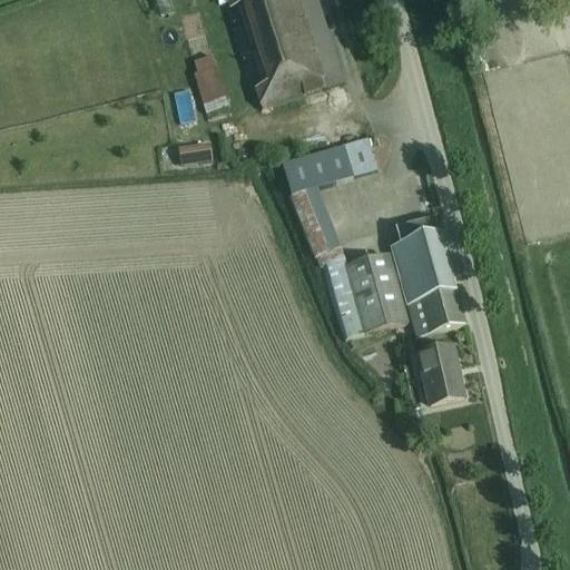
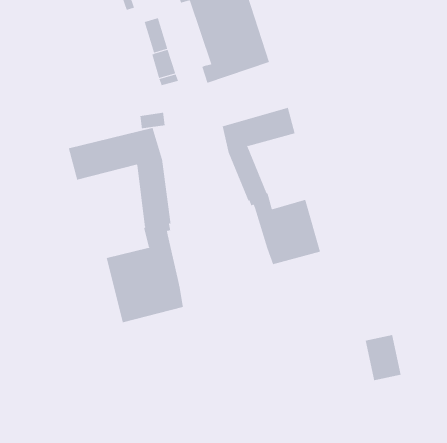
building: none -> [68,127,183,323]
building: [391,214,465,335] -> none
building: [417,344,464,403] -> [365,334,402,381]

